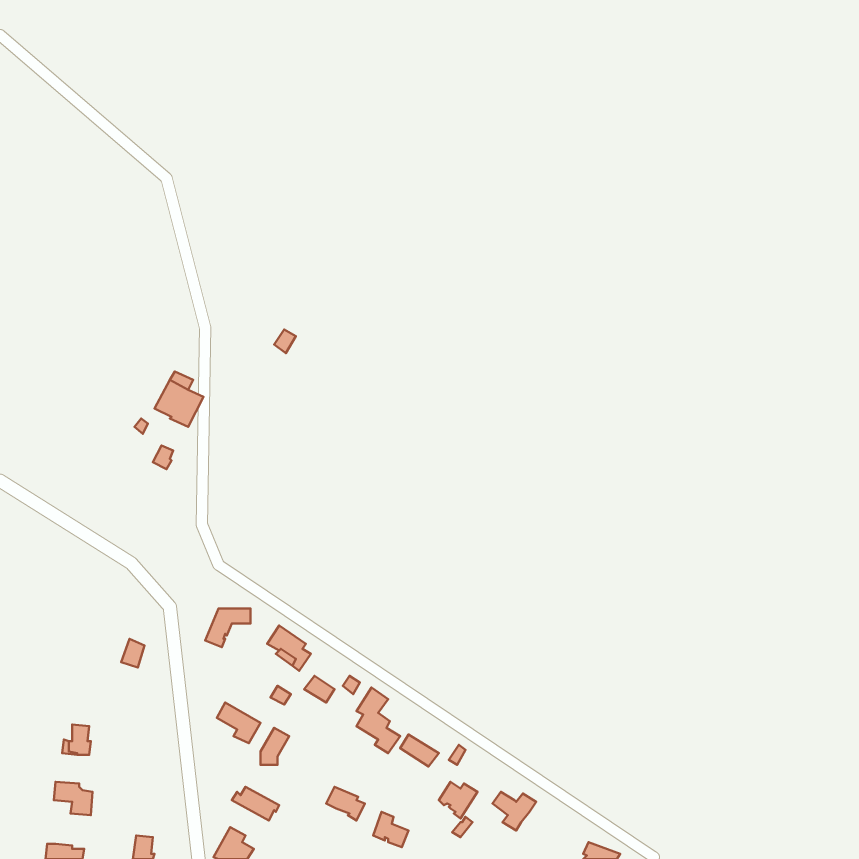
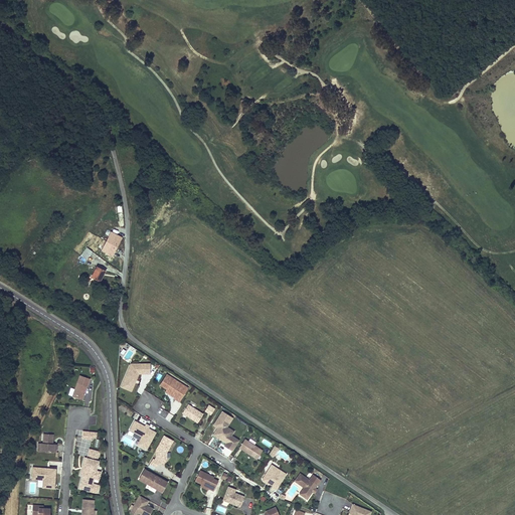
building: none -> [78,449,101,494]

